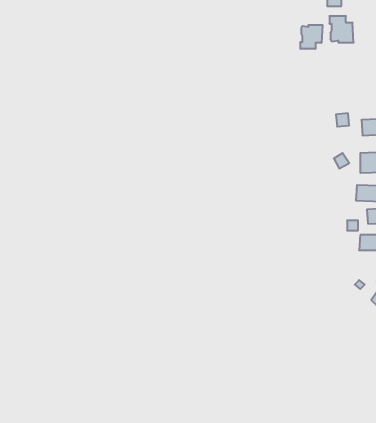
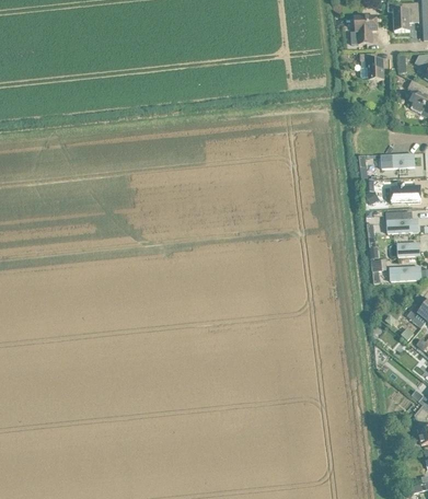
building: [300,25,323,49] -> none

